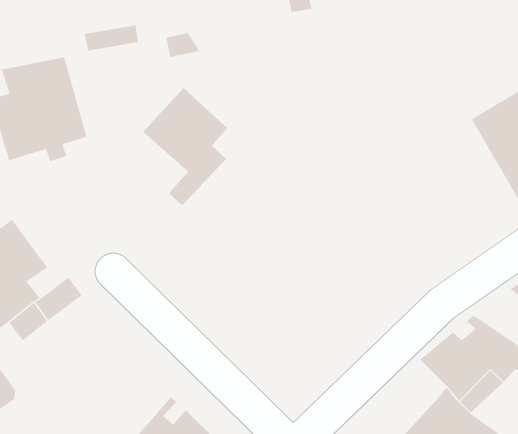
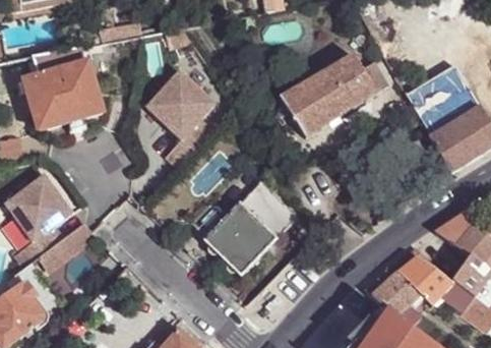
building: none -> [279,53,386,135]
building: none -> [204,180,297,275]

